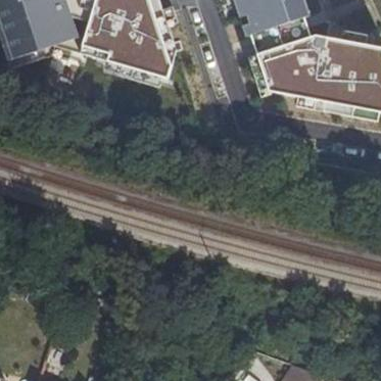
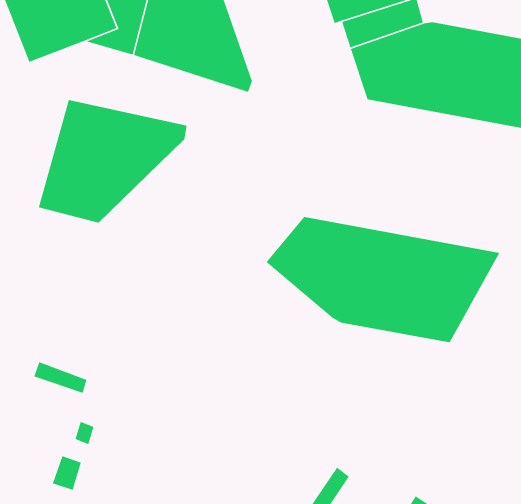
building: none -> [38,99,188,223]
building: none -> [266,216,500,343]

